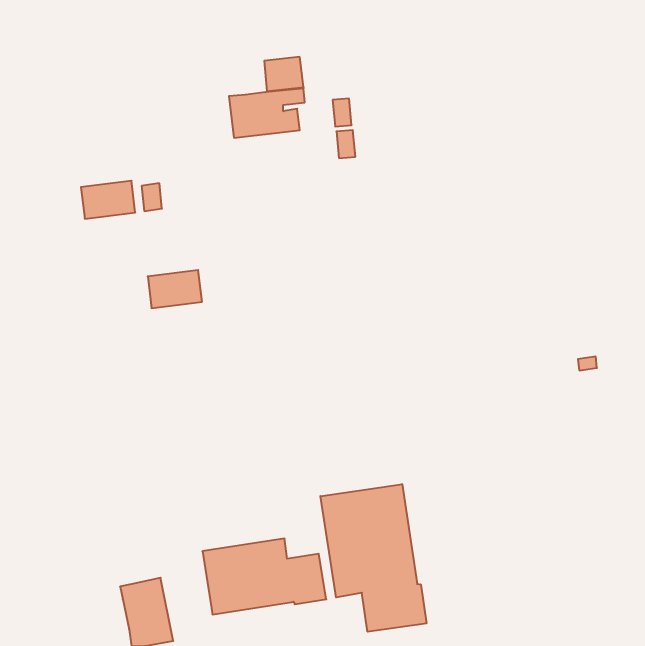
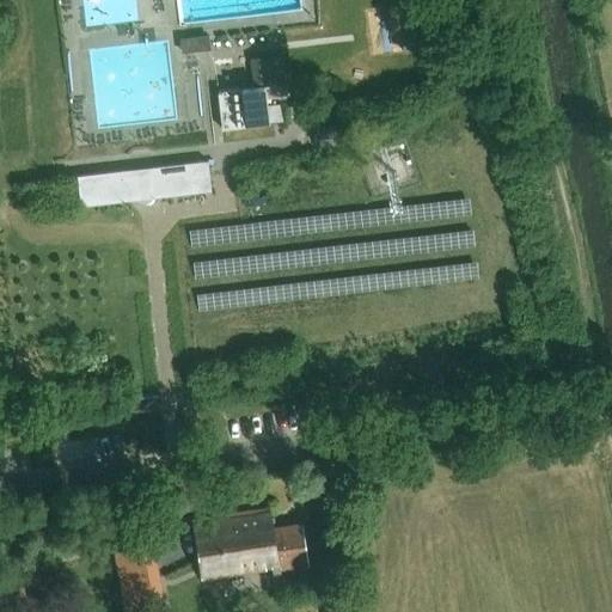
building: [148,270,202,308] -> [161,161,213,197]
building: [320,484,426,632] -> none

